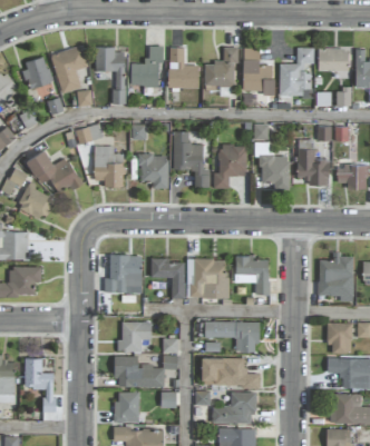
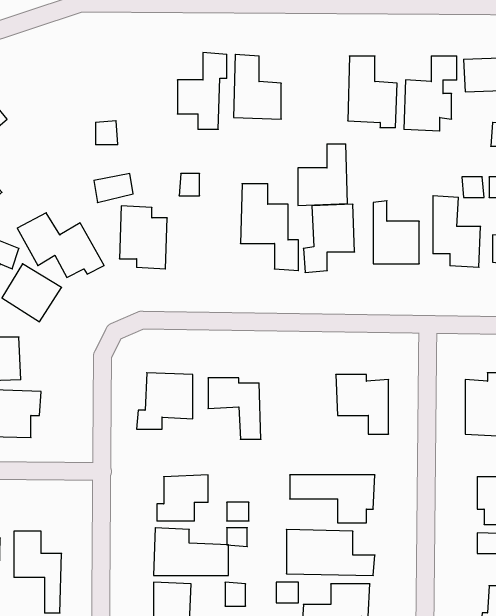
building: [50,46,88,93] -> none
building: [95,47,125,103] -> none
building: [204,47,236,87] -> [298,144,347,205]
building: [22,57,51,88] -> none
building: [139,155,167,188] -> none
building: [187,259,227,297] -> none

